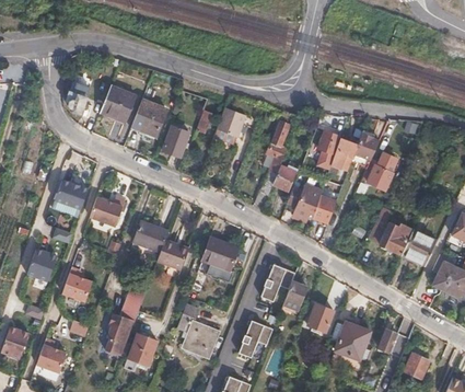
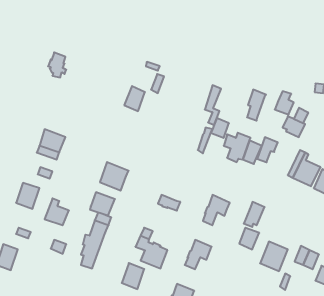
building: [101,85,135,122] -> none
building: [132,100,166,135] -> none
building: [213,107,252,145] -> none
building: [332,137,358,169] -> [257,137,278,162]
building: [90,197,125,227] -> none
building: [202,238,239,270] -> none
building: [158,240,189,269] -> [90,192,115,216]
building: [282,280,309,312] -> [244,202,265,227]
building: [129,333,158,366] -> [122,263,144,289]
building: [37,337,68,372] -> none

